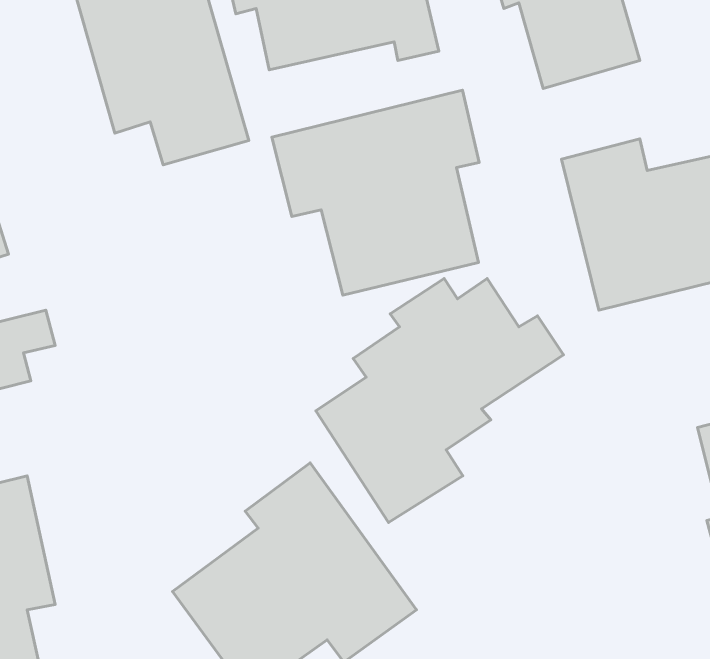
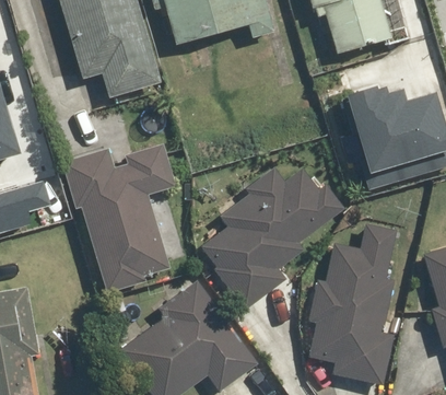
building: [272,90,479,295] -> none
building: none -> [69,143,175,291]
building: none -> [310,228,392,379]

